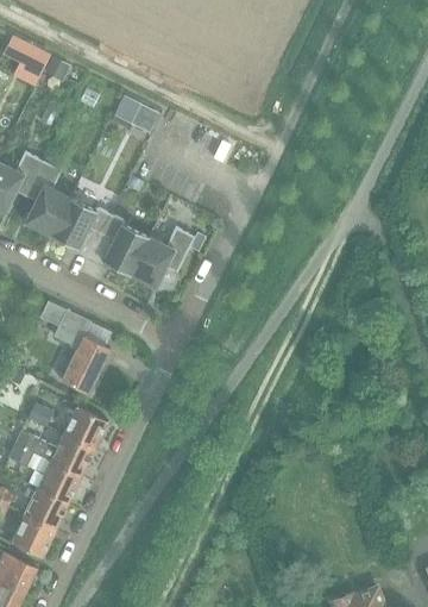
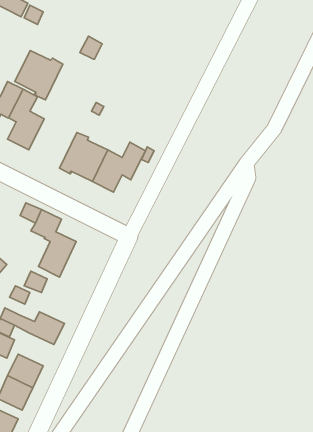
building: [50,198,109,258] -> [15,51,63,100]
building: [63,407,107,450] -> none
building: [37,462,81,502] -> none

